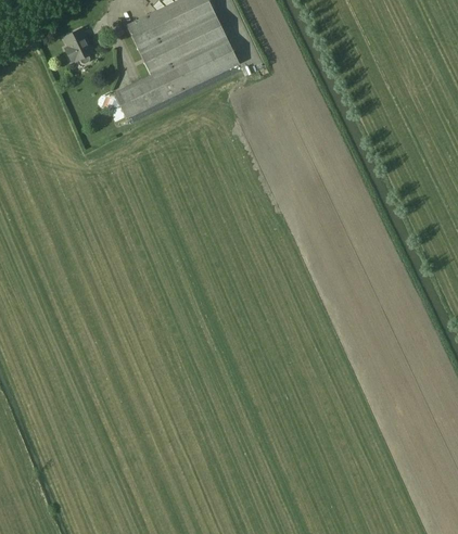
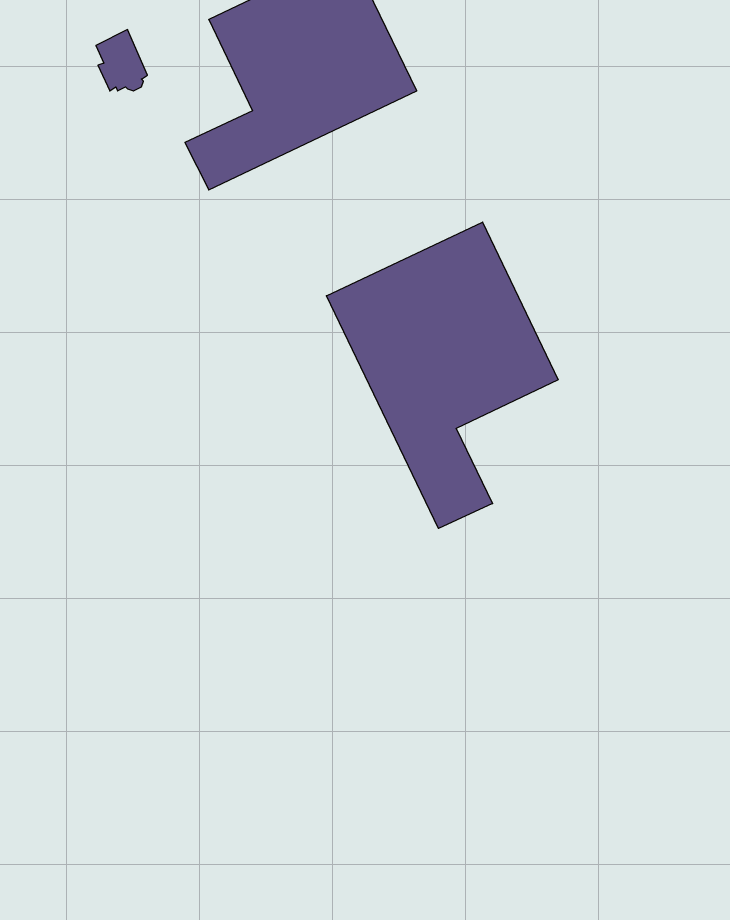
building: none -> [326,222,558,528]

